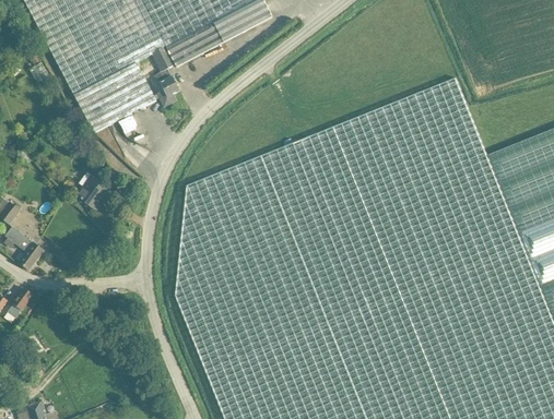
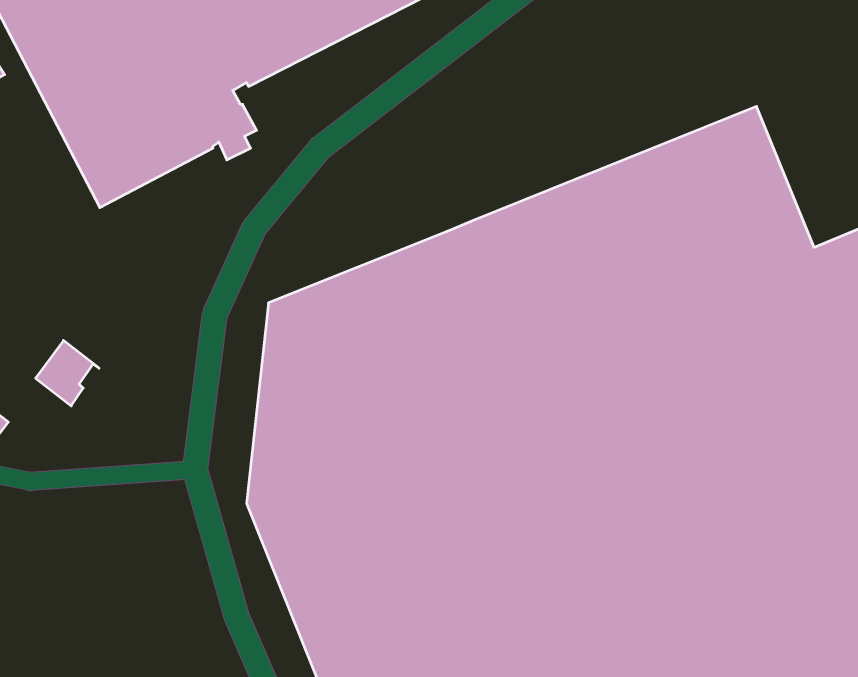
building: [76,175,111,211] -> [36,340,99,406]

